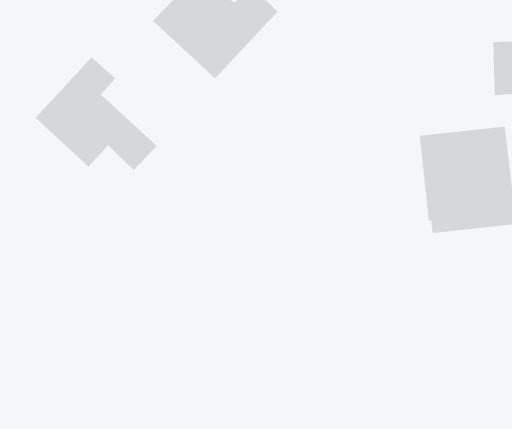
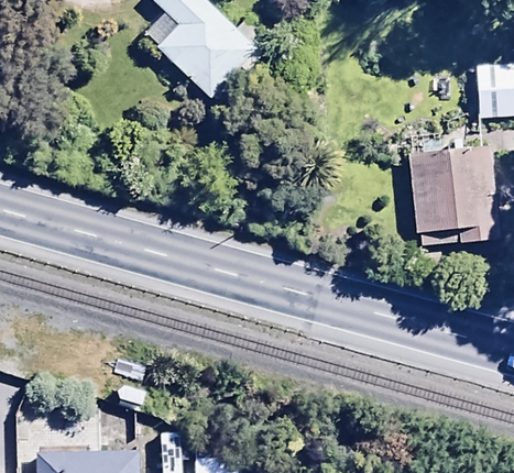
building: [35,56,157,171] -> none

